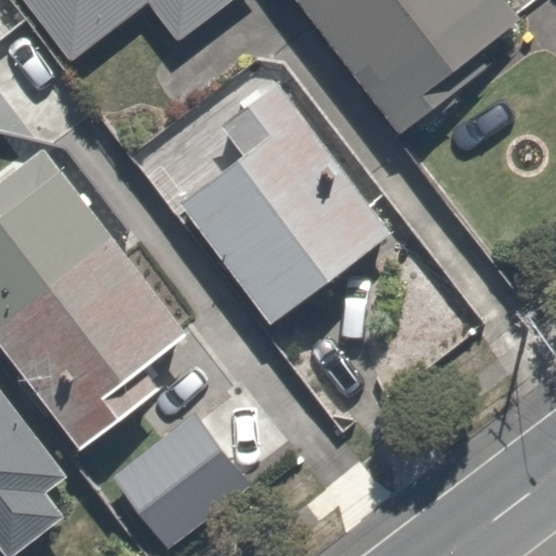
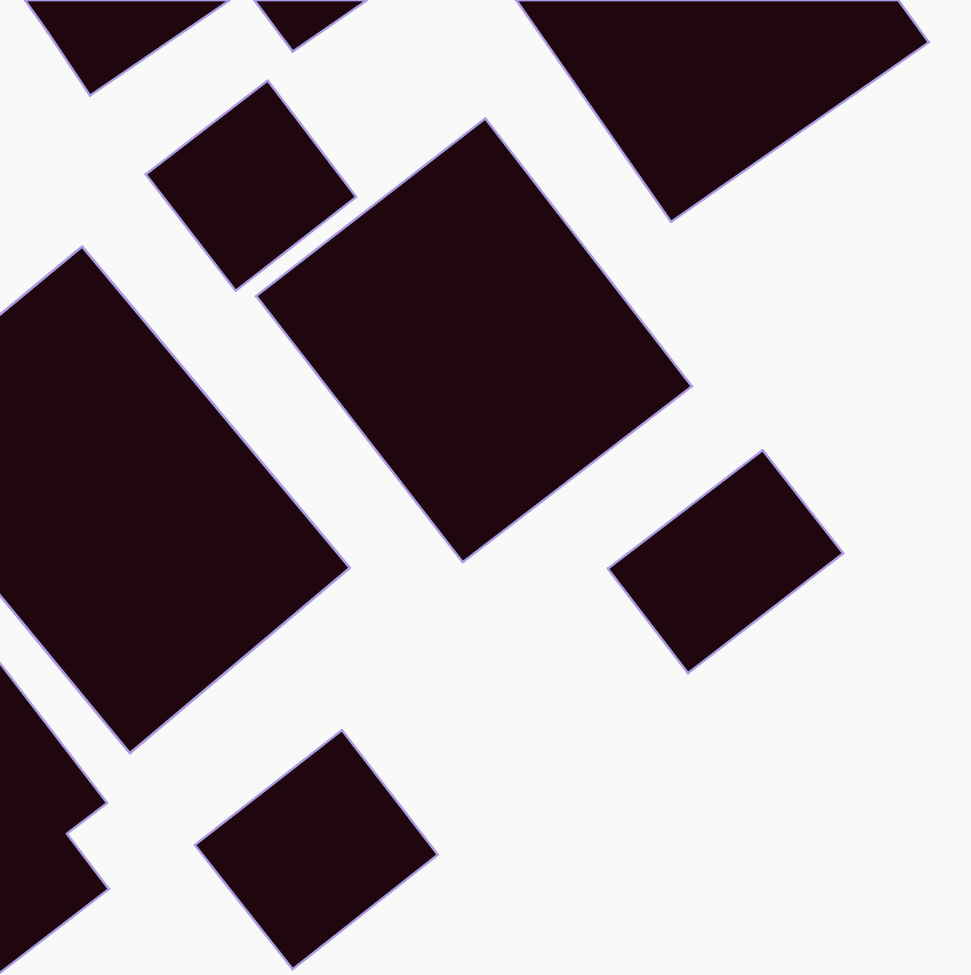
building: none -> [146,81,356,291]
building: none -> [608,450,843,673]

